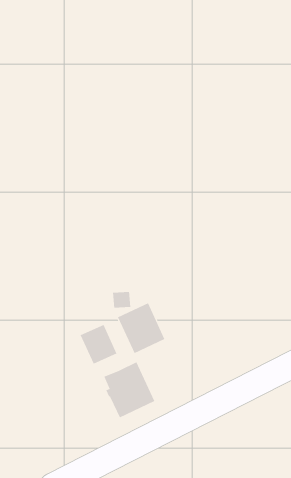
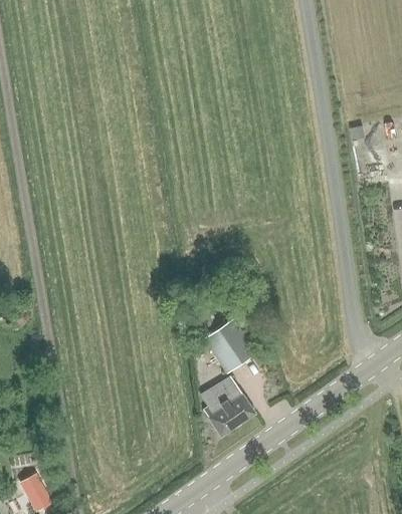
building: [80,324,117,364] -> none

